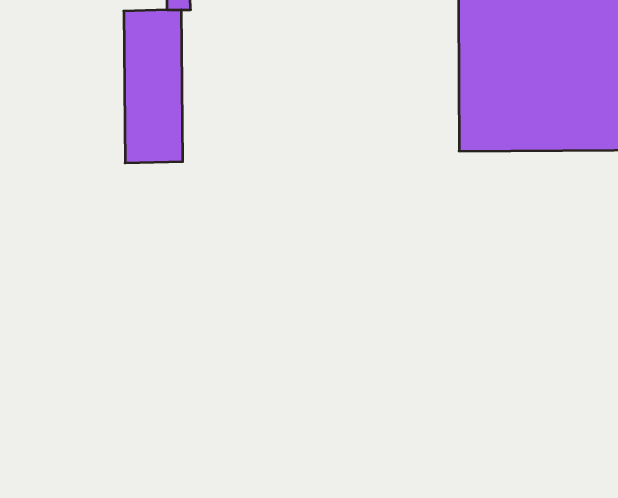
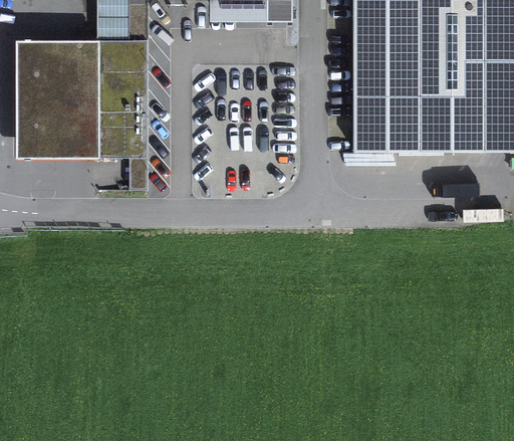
building: none -> [18,40,98,157]

